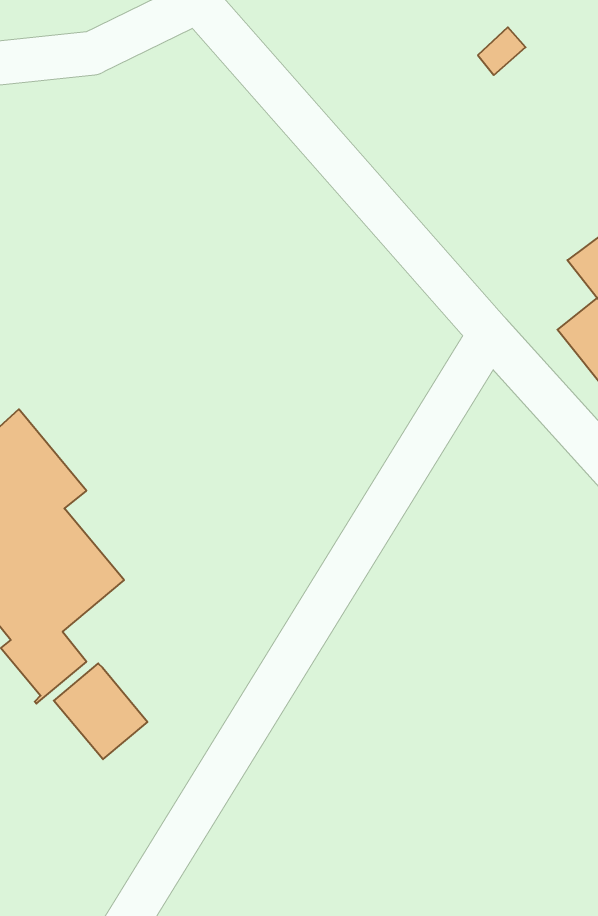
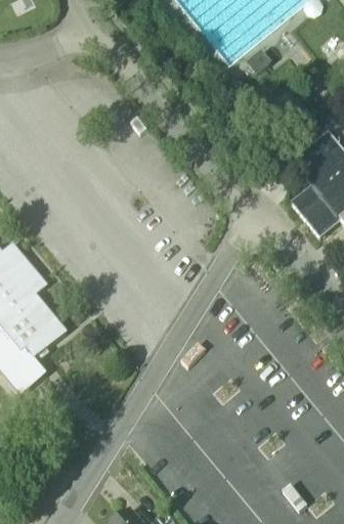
building: [54,663,147,759] -> none

